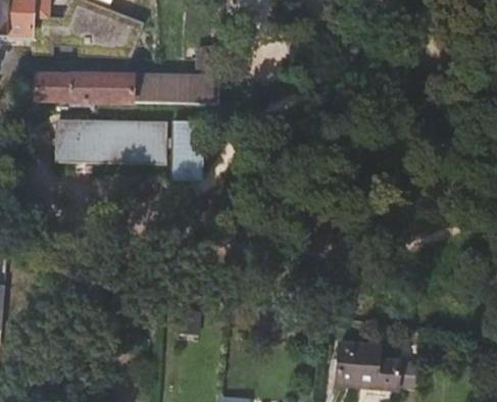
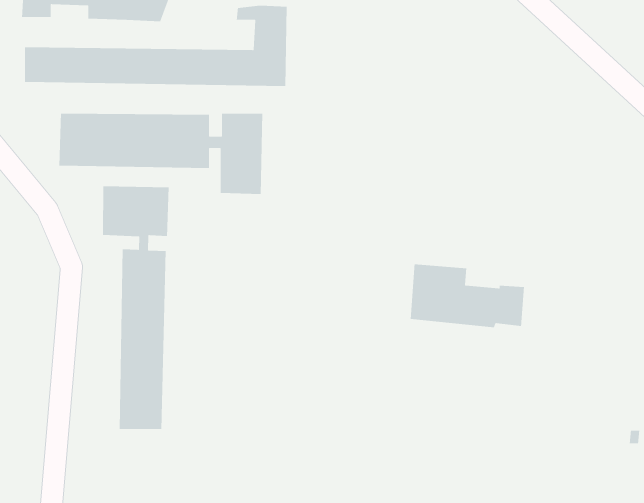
building: none -> [102,186,169,430]
building: [336,343,417,389] -> [410,263,525,328]

